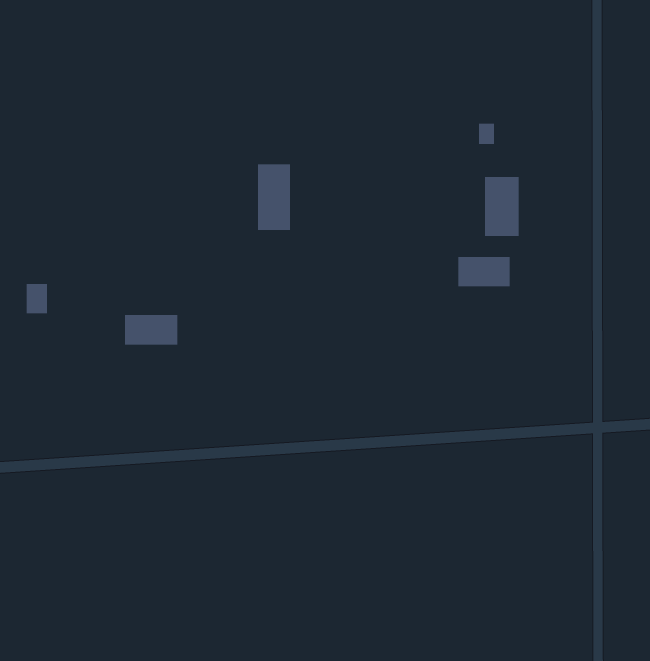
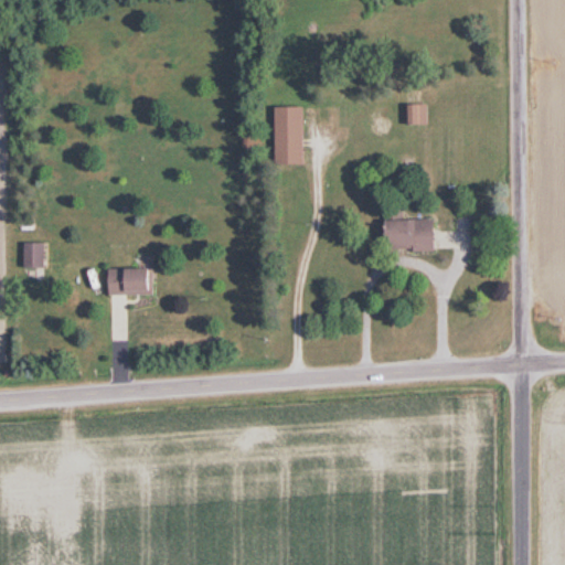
building: [257,163,291,231] -> [274,106,302,163]
building: [484,176,520,237] -> none

